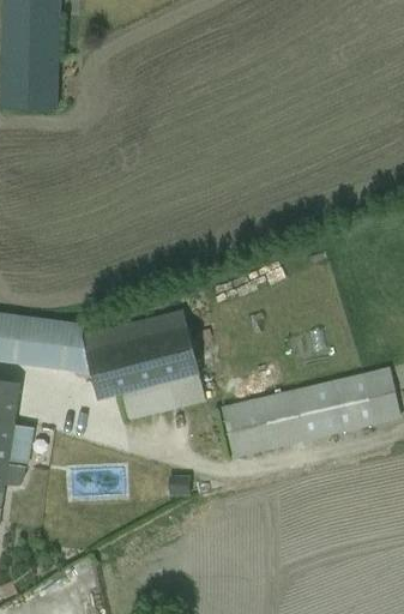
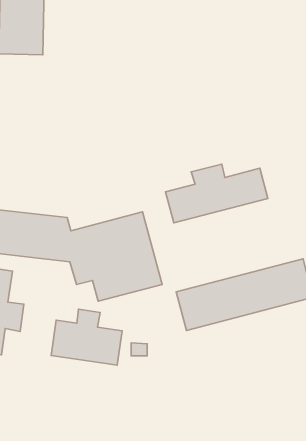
building: none -> [166,164,268,223]
building: none -> [51,309,122,365]

